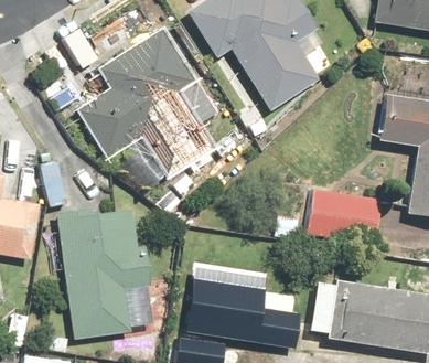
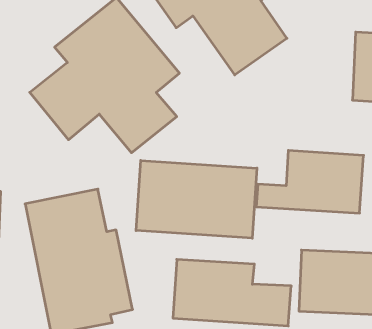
building: none -> [136,160,257,238]

